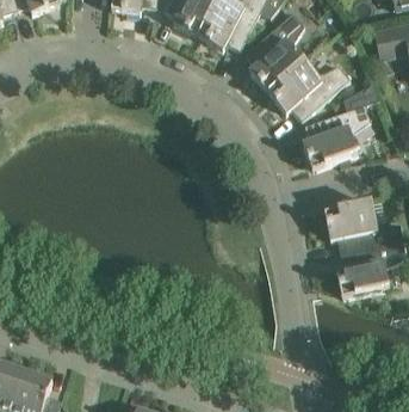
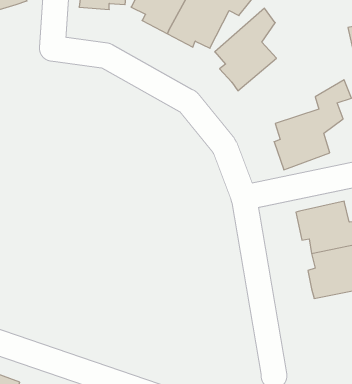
building: [267,61,351,121] -> none

